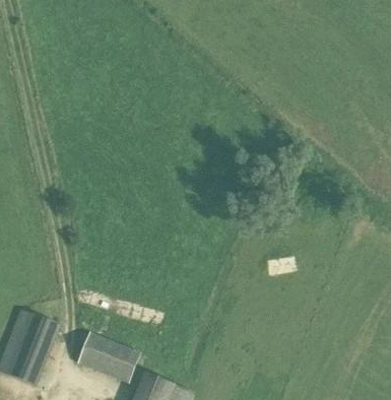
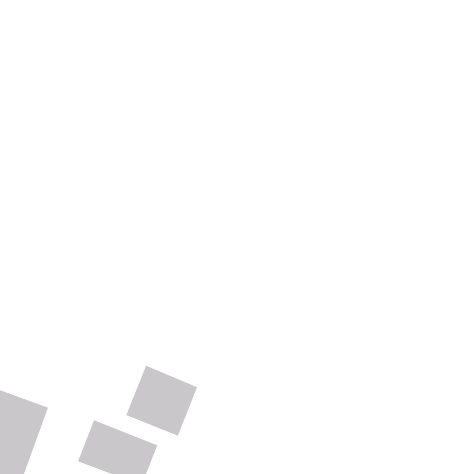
building: none -> [125,365,198,437]

